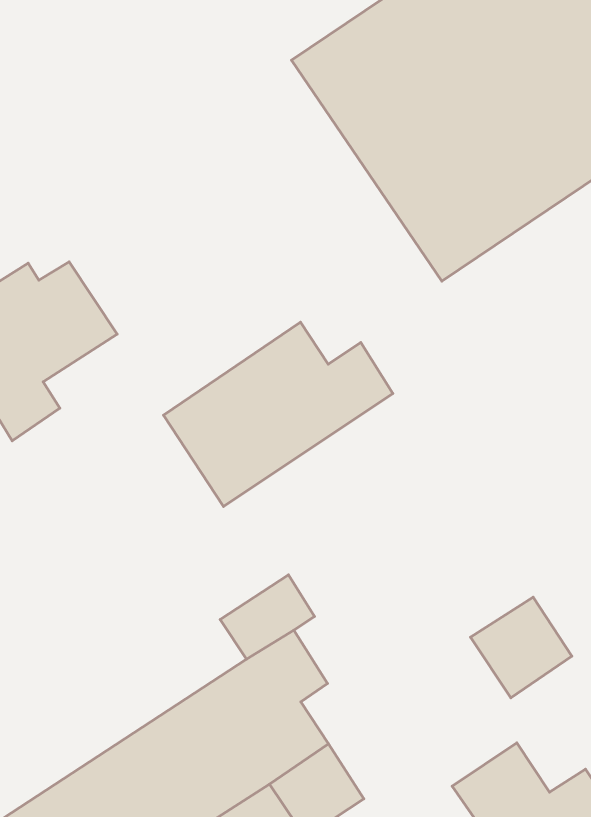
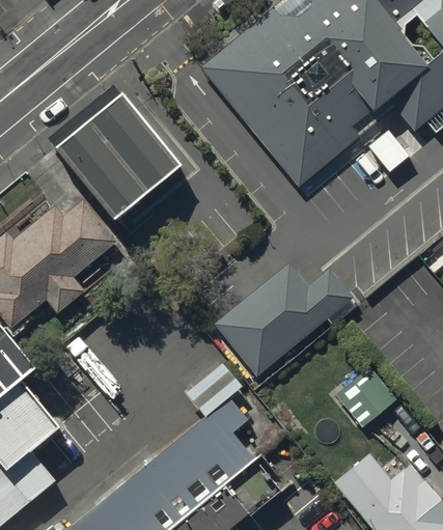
building: none -> [51,83,187,220]
building: [163,322,393,506] -> [215,263,348,375]

